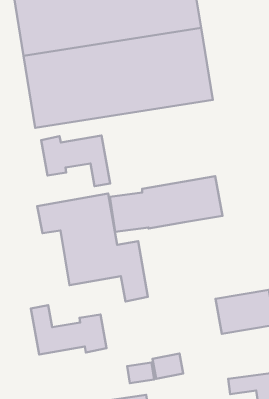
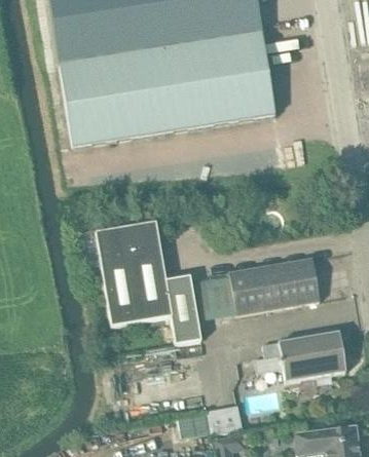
building: [41,135,110,186] -> none
building: [110,176,222,232] -> [192,257,321,320]
building: [31,305,106,354] -> none

